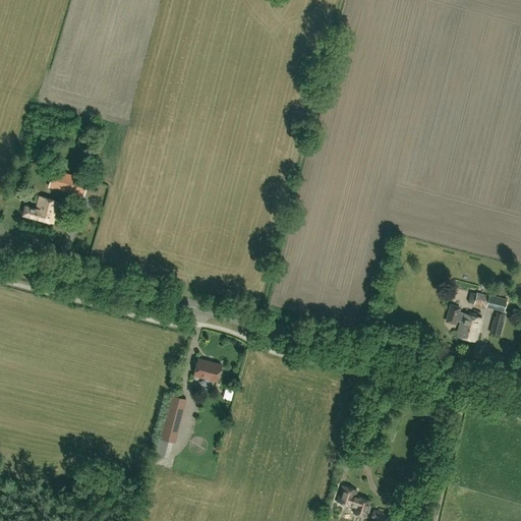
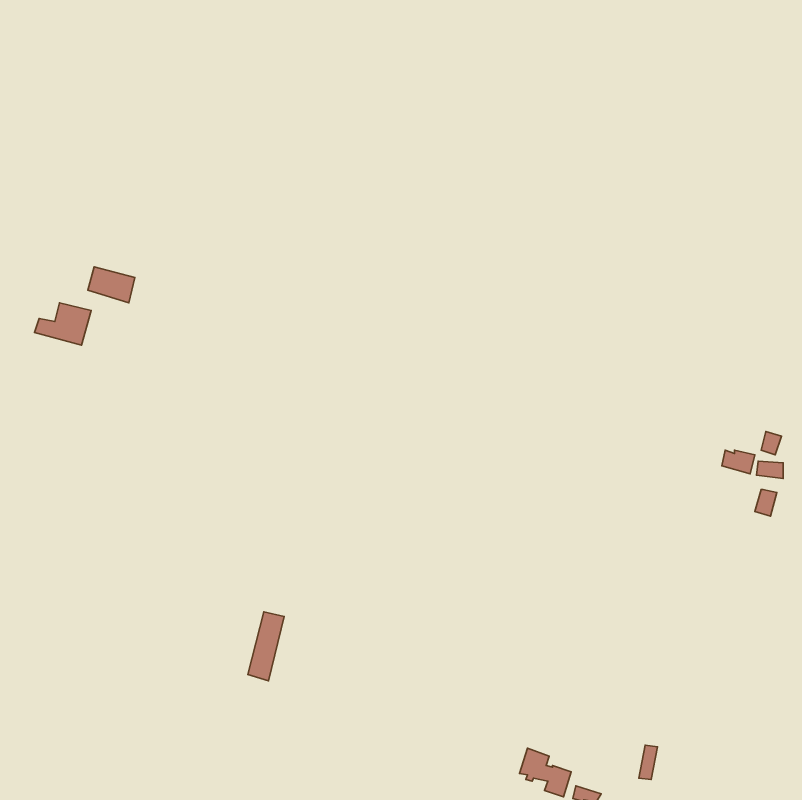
building: [447,306,482,343] -> none
building: [193,359,221,383] -> none

